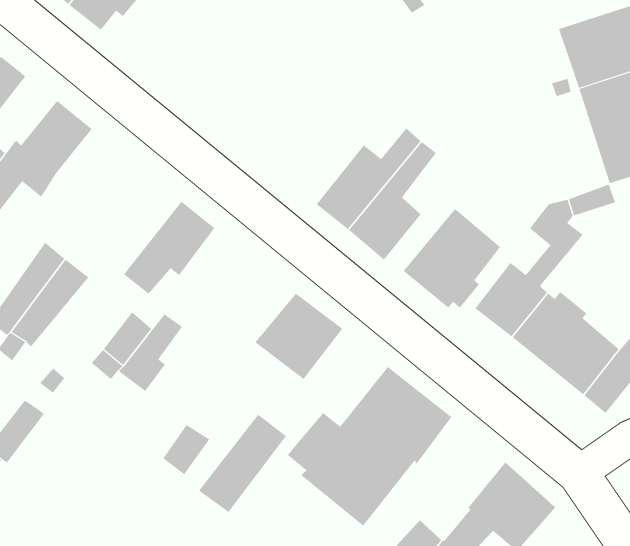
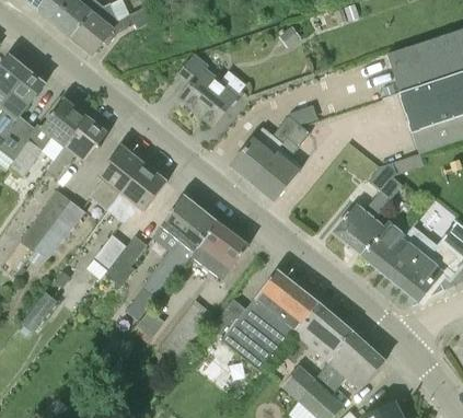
building: none -> [176,55,236,124]
building: none -> [47,117,107,176]
building: none -> [91,144,144,210]
building: [403,208,501,309] -> none
building: none -> [142,195,218,297]
building: none -> [296,302,352,360]

